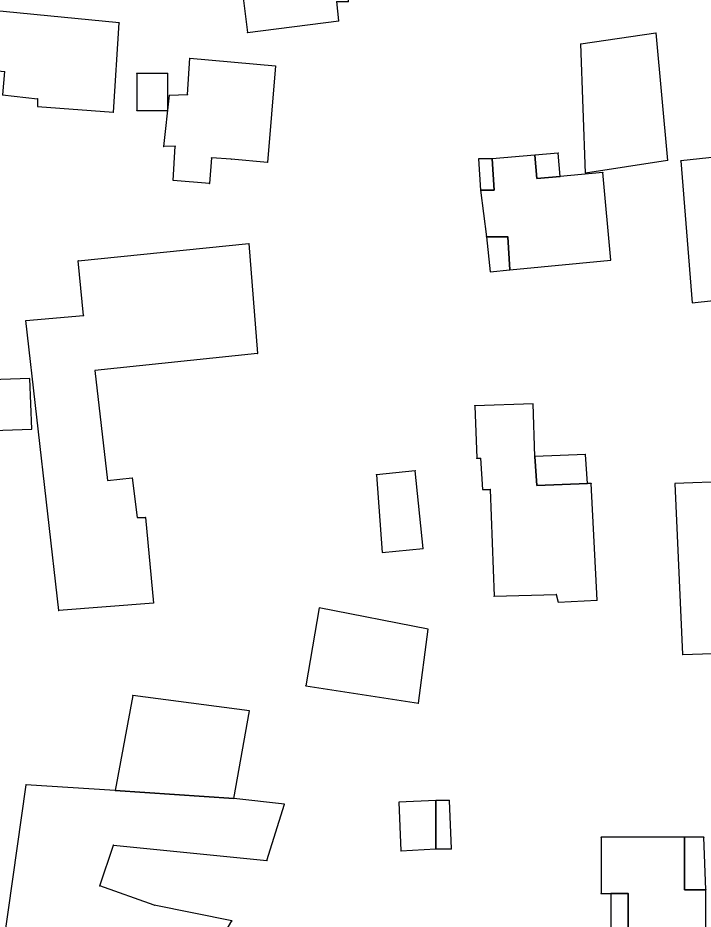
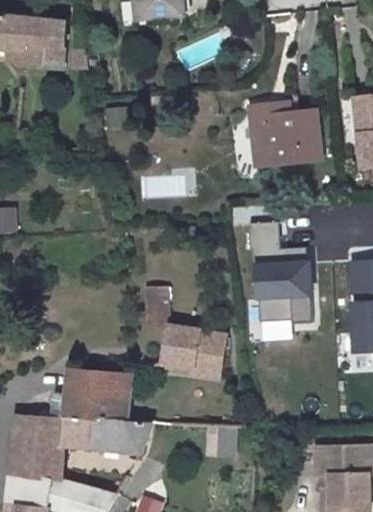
building: [581,33,668,173] -> none
building: [164,58,275,184] -> none
building: [26,244,257,611] -> none
building: [376,471,423,552] -> [145,284,169,326]

